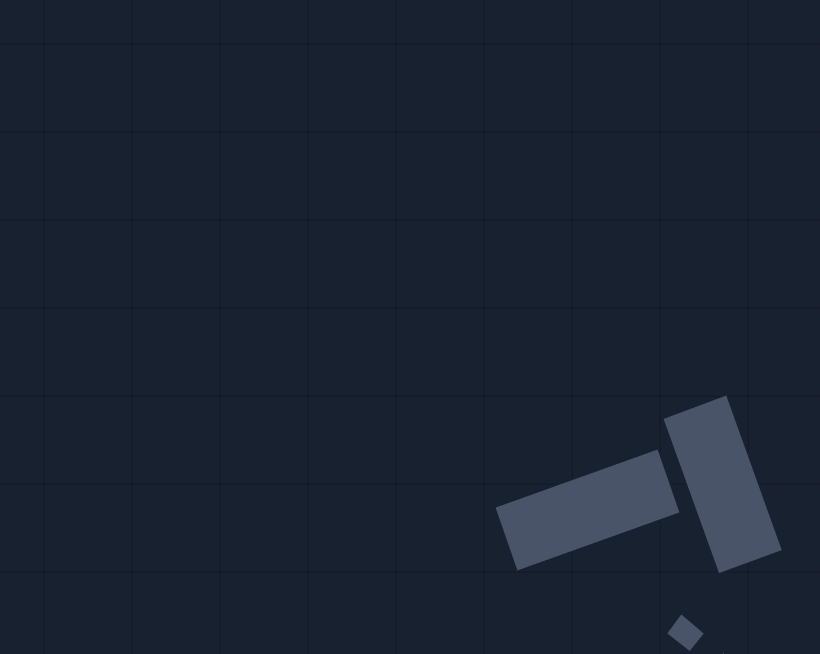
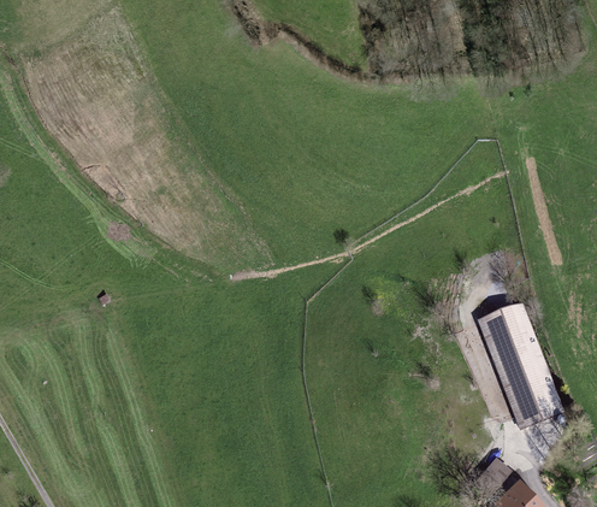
building: [494,448,681,572] -> none

